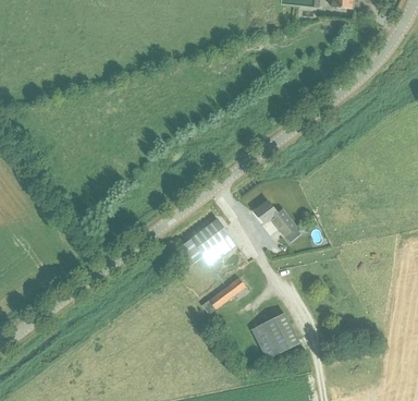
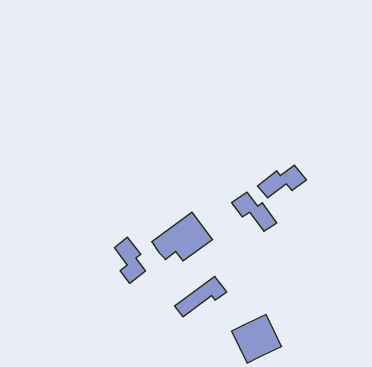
building: none -> [257,165,306,198]
building: none -> [115,237,145,283]

